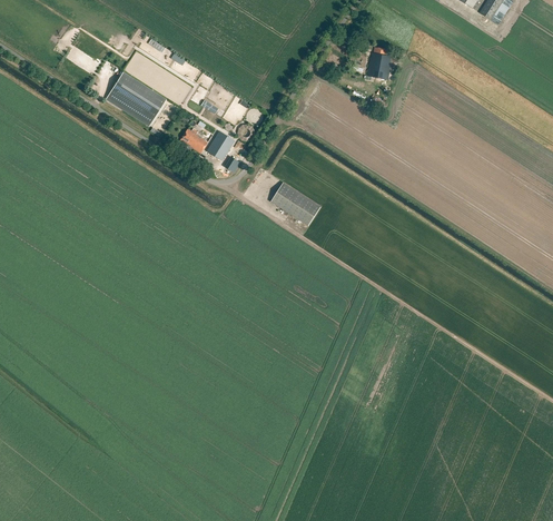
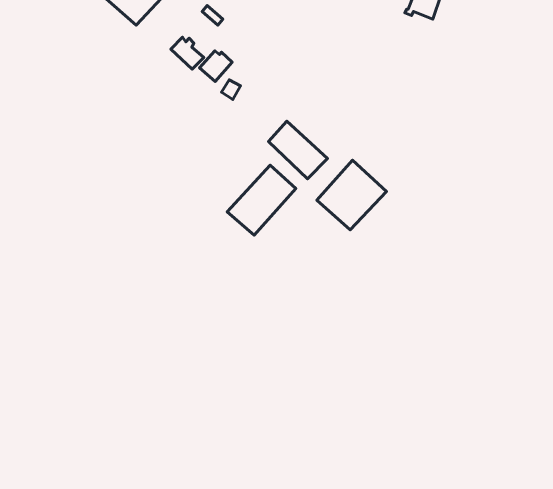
building: none -> [317,160,386,230]
building: none -> [227,165,296,235]

